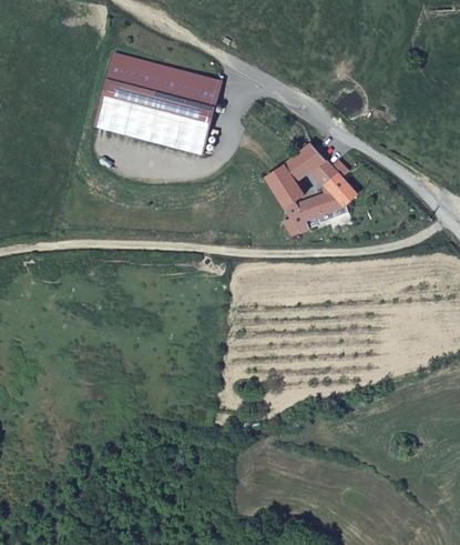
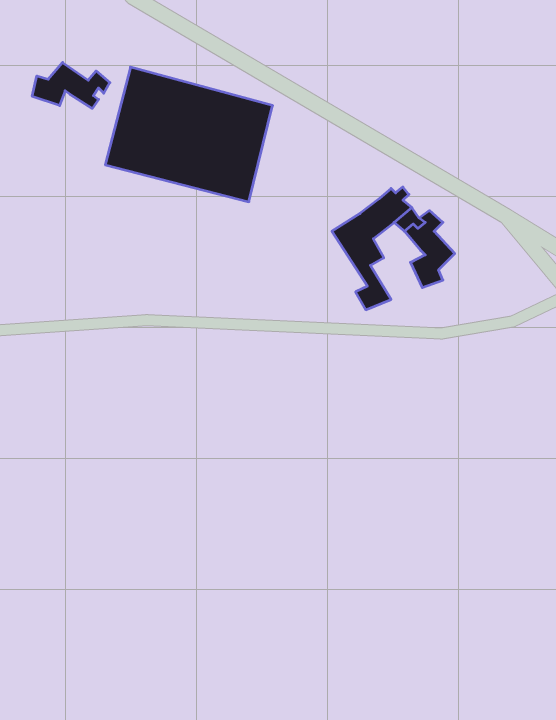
building: none -> [32,62,110,108]
building: [294,190,335,226] -> none

